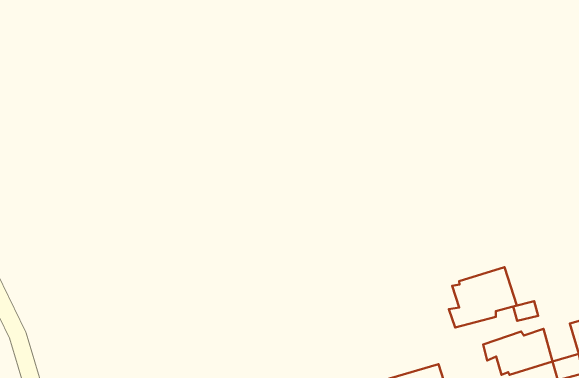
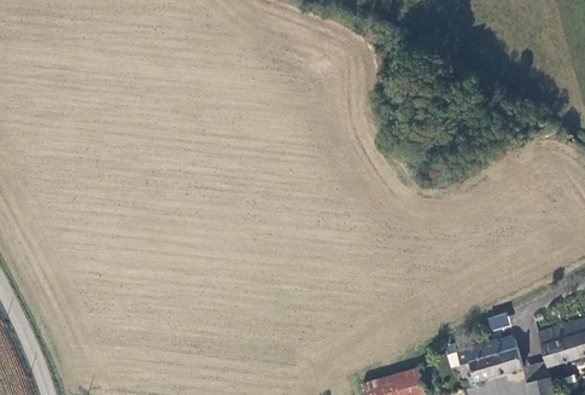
building: [449,267,517,327] -> none

